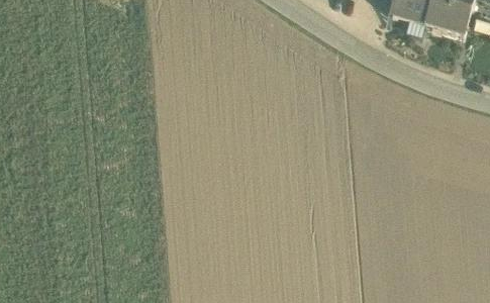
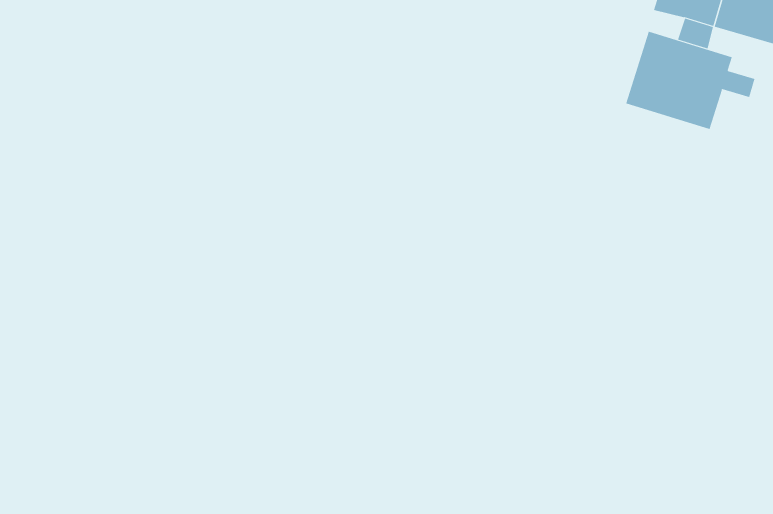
building: none -> [626,31,755,130]

